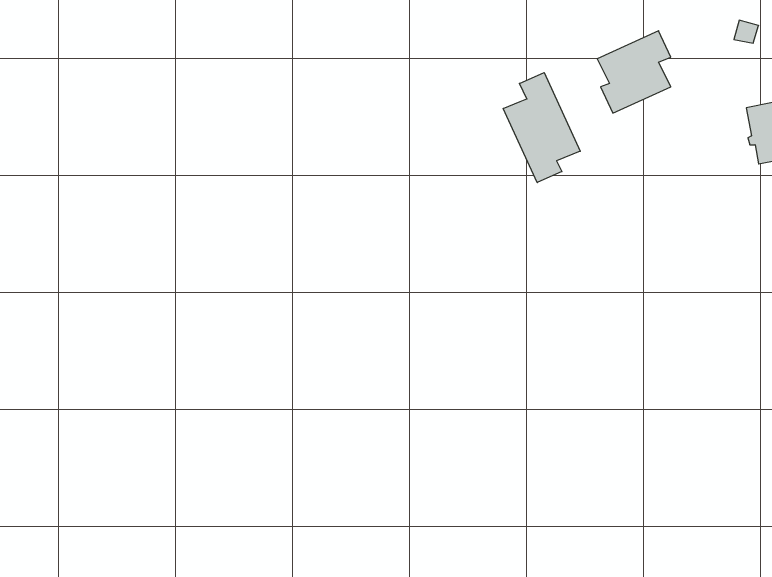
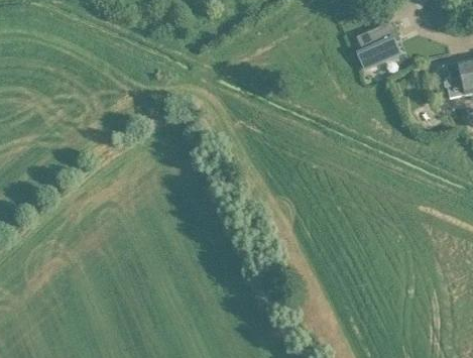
building: [503,73,580,183] -> none

